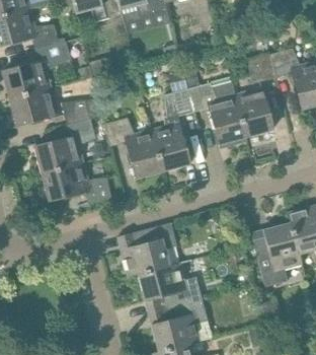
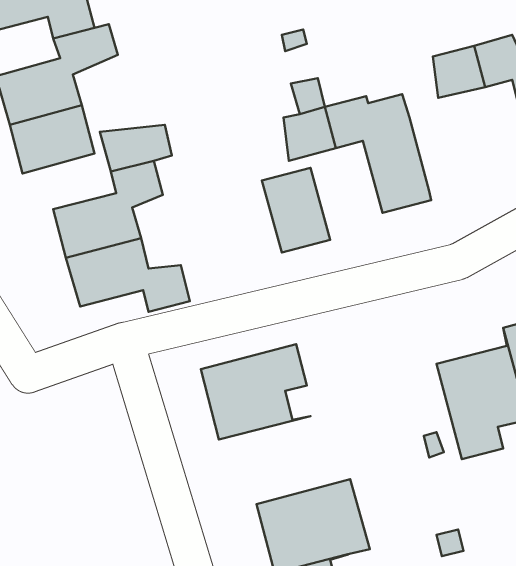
building: [235,87,273,136] -> none
building: [104,118,163,177] -> none
building: [128,263,202,312] -> none

